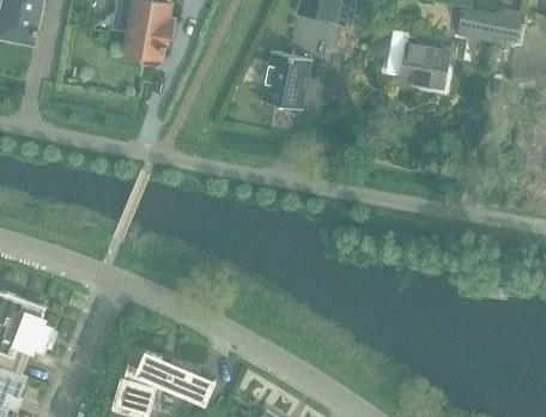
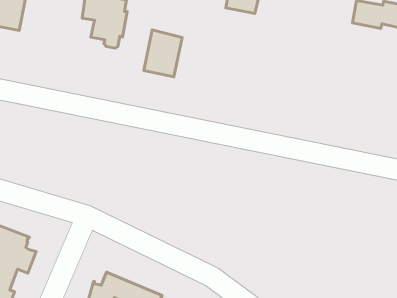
building: [386,32,449,93] -> none
building: [261,48,310,108] -> [144,30,182,77]

